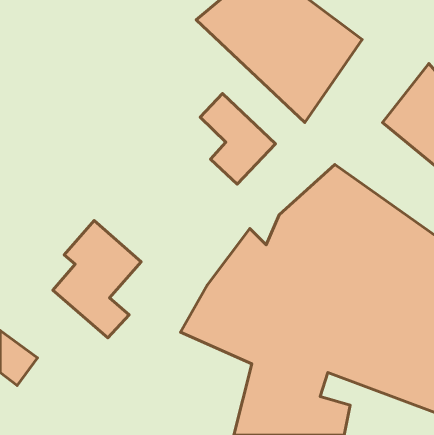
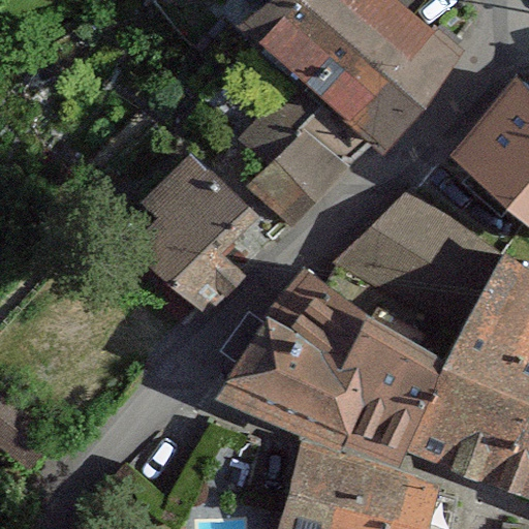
building: [53,221,141,338] -> [136,167,243,309]

